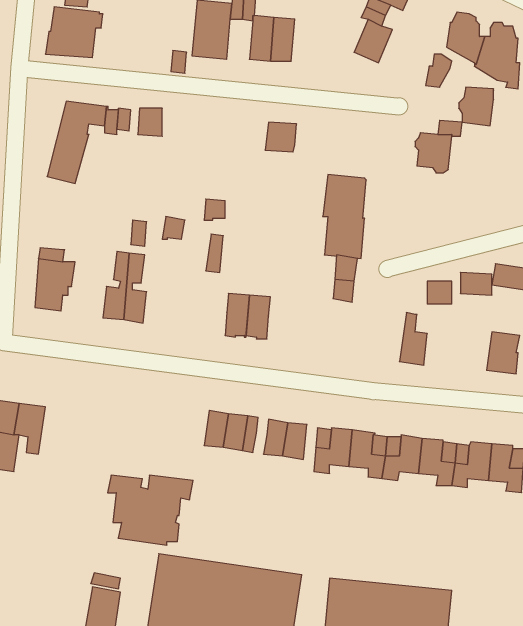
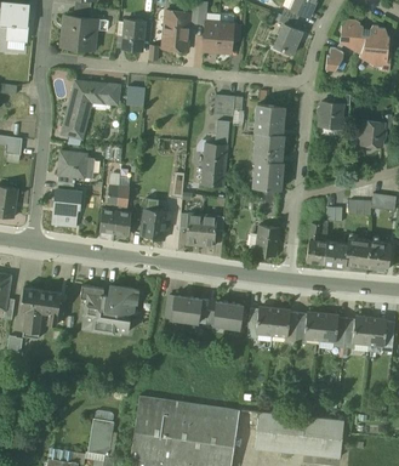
building: none -> [122,19,144,51]
building: [459,87,494,126] -> [359,120,383,147]
building: none -> [256,104,285,133]
building: none -> [201,120,229,186]
building: none -> [59,150,95,178]
building: none -> [141,200,170,239]
building: none -> [255,225,280,256]
building: none -> [324,237,371,267]
building: [108,475,193,545] -> [80,285,139,334]

